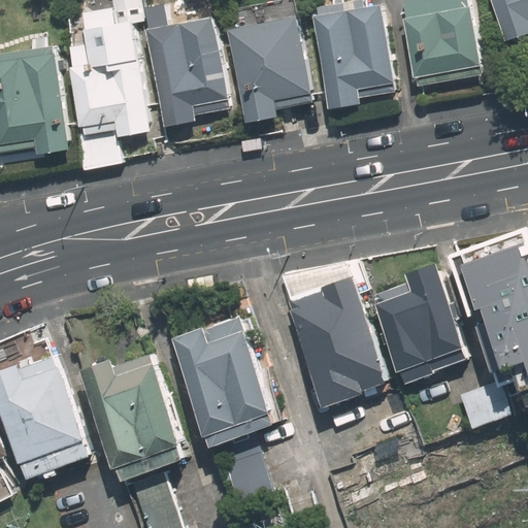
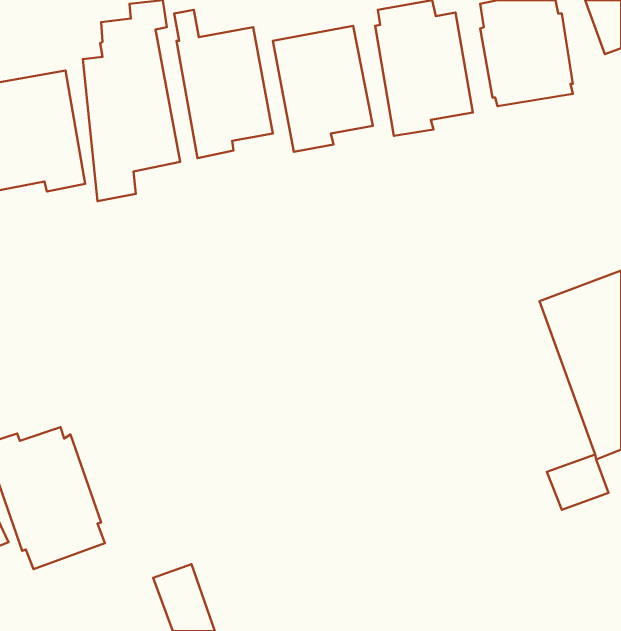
building: [279,261,395,431] -> none
building: [372,261,467,381] -> none
building: [173,311,273,502] -> none
building: [82,352,186,475] -> none

